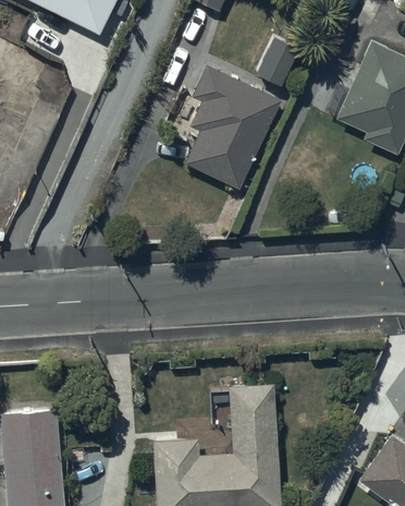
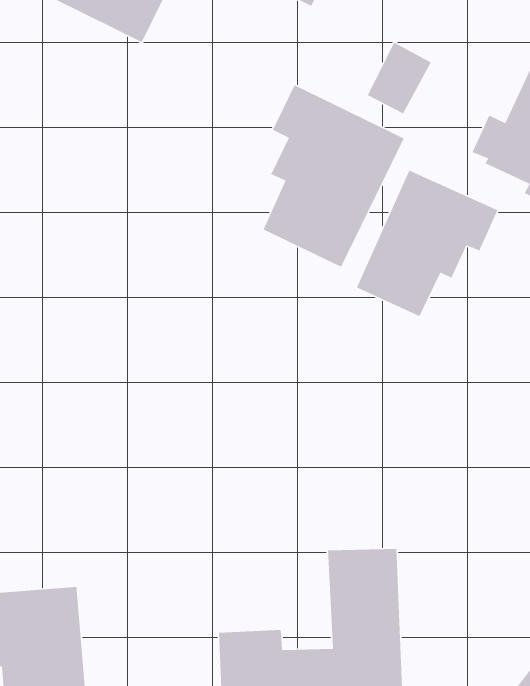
building: none -> [356,170,499,317]

